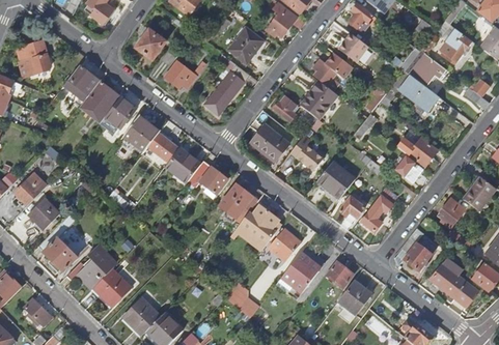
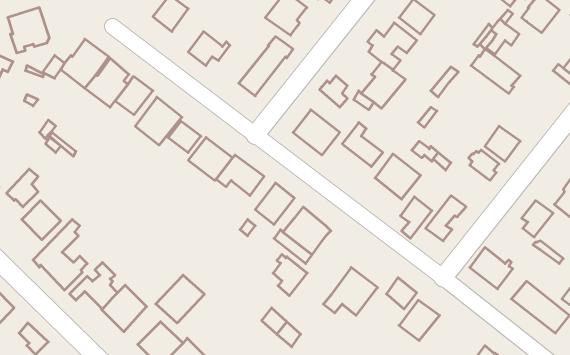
building: [272,227,300,261] -> [273,254,307,296]
building: none -> [156,275,204,323]

